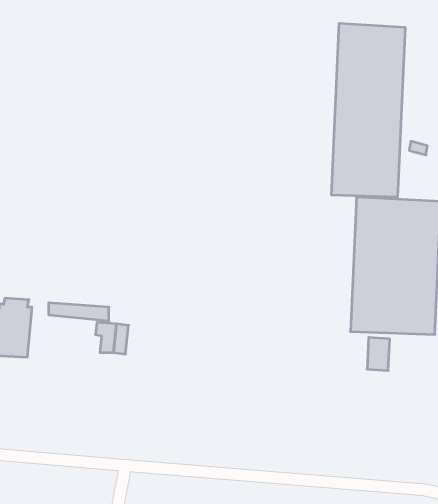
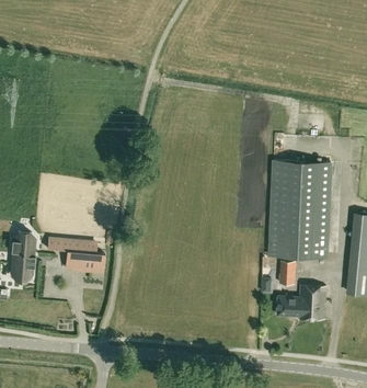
building: [332,23,405,197] -> none
building: none -> [276,286,324,320]

